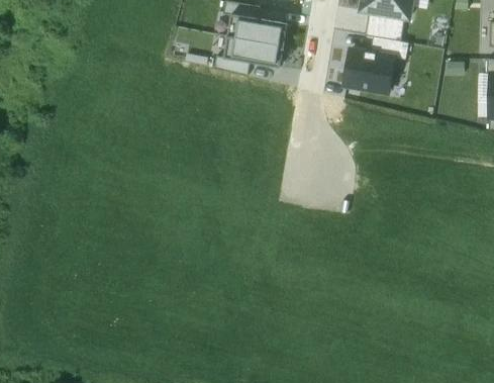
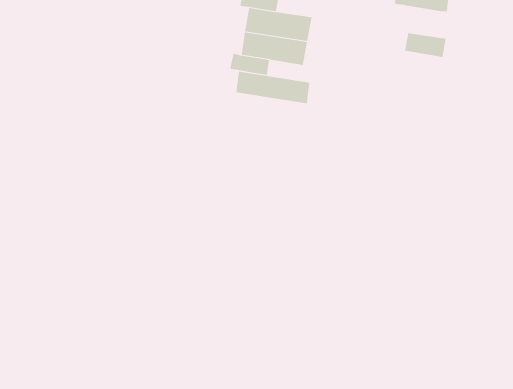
building: [365,10,404,39] -> none
building: [344,49,393,90] -> none
building: none -> [236,71,310,104]

